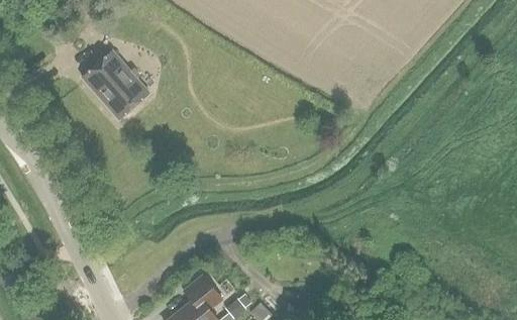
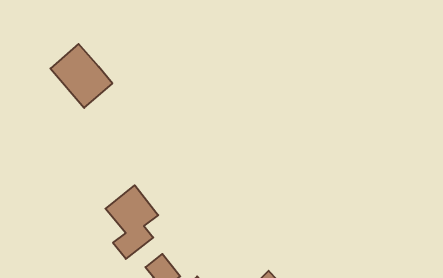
building: none -> [105,185,158,259]

